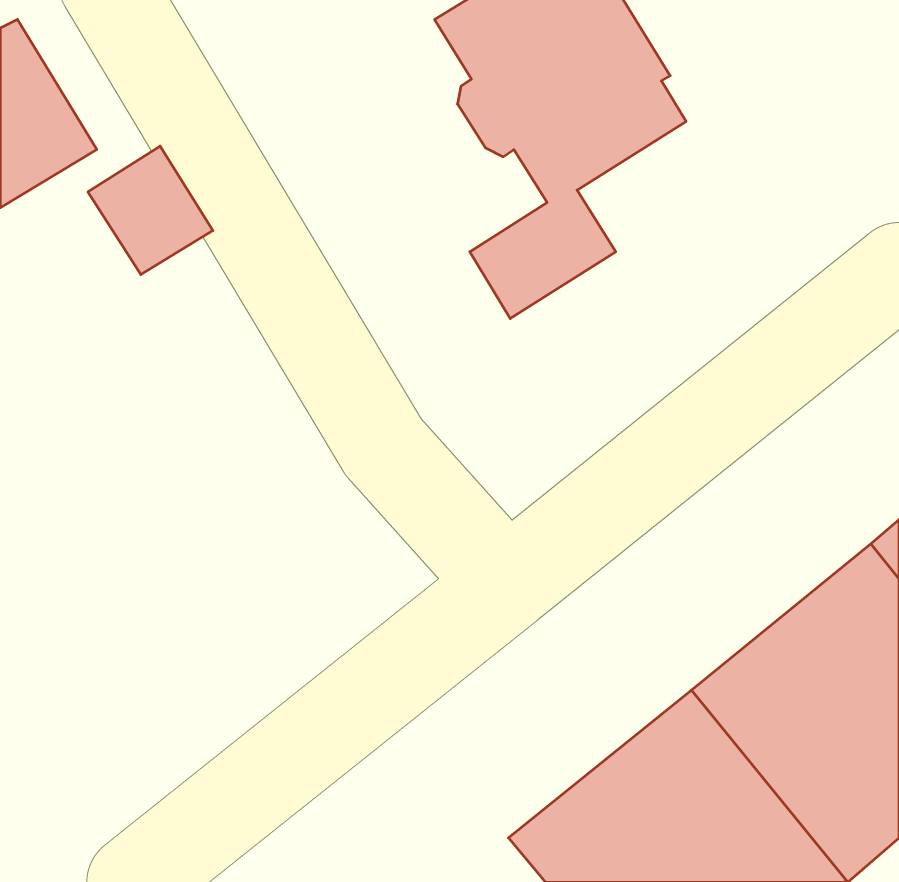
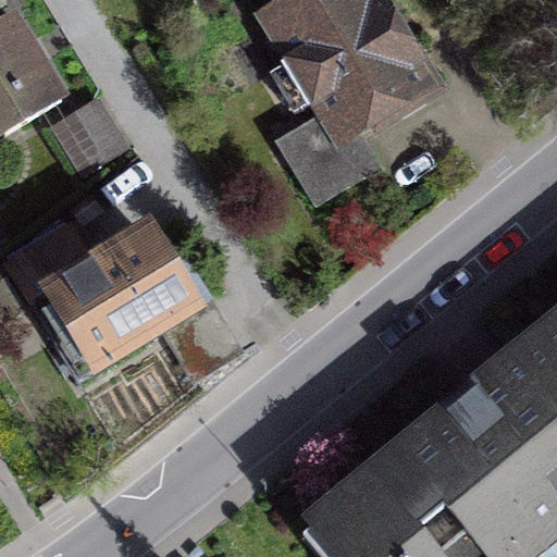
building: none -> [13,227,235,371]

